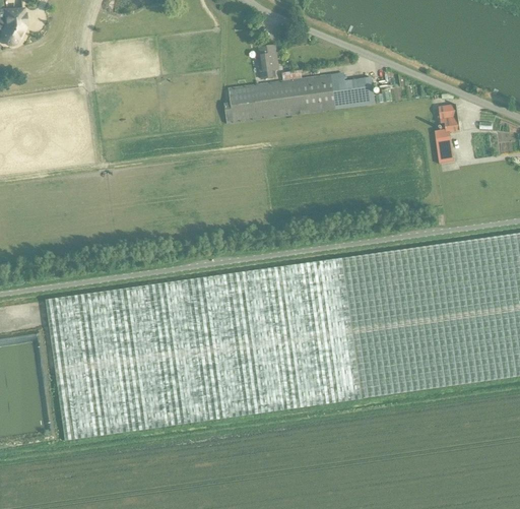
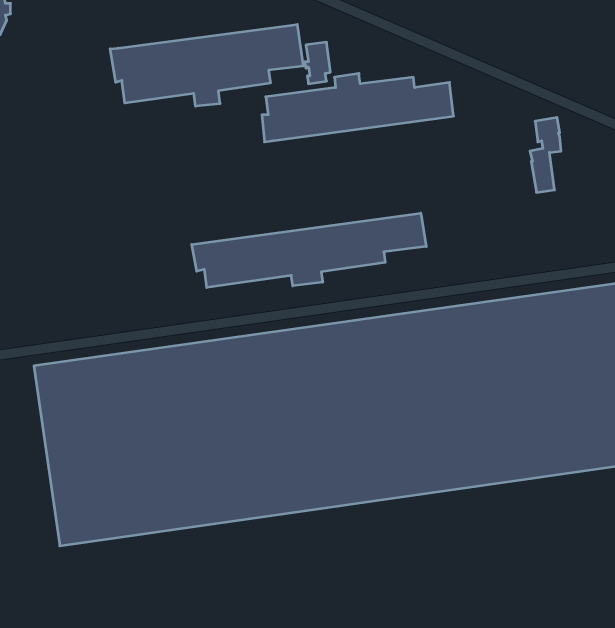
building: none -> [110,24,303,106]
building: none -> [192,213,426,288]

